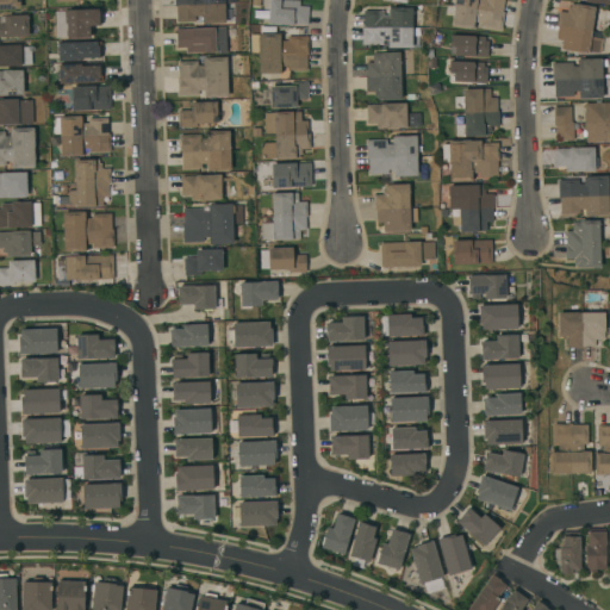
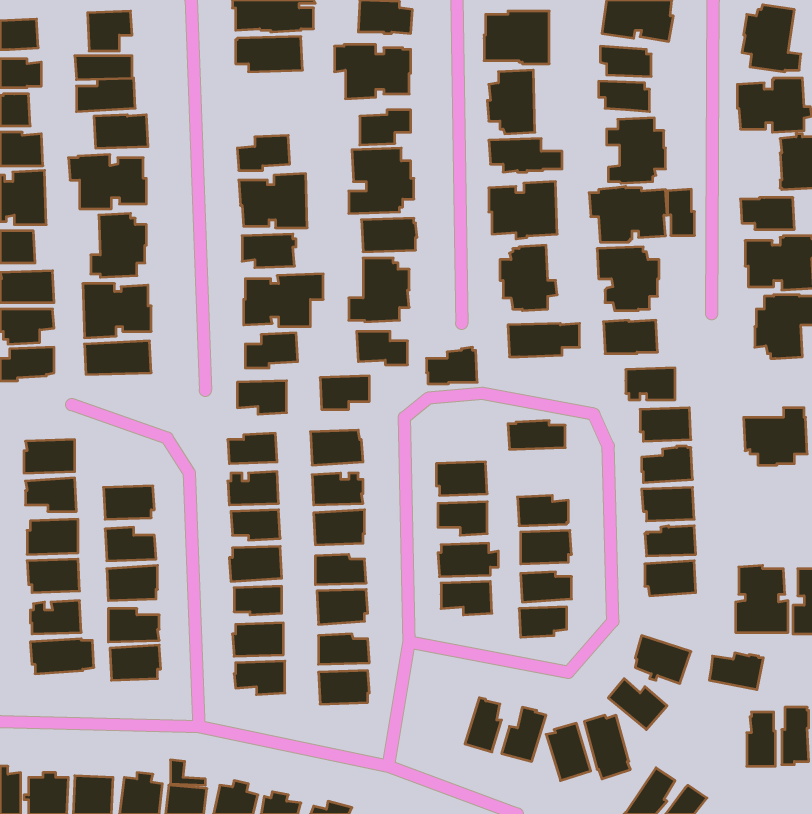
building: [178,57,229,98] -> none
building: [554,106,574,141] -> [668,189,695,235]
building: [326,315,365,342] -> [426,347,477,384]
building: [76,335,114,360] -> none
building: [388,341,427,366] -> none
building: [484,450,524,478] -> [709,653,763,690]
building: [322,513,355,554] -> none

